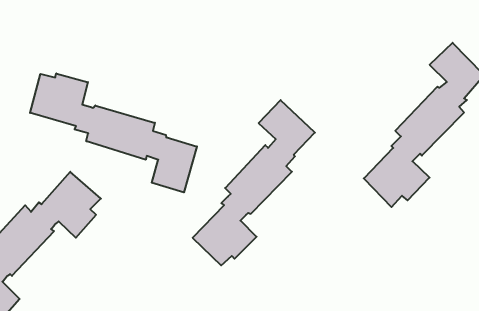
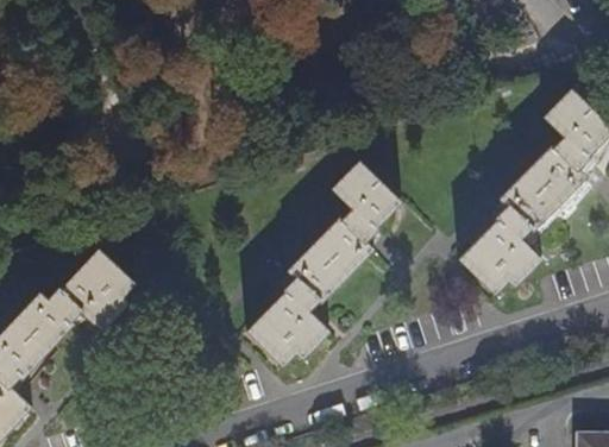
building: [30,73,197,192] -> none

